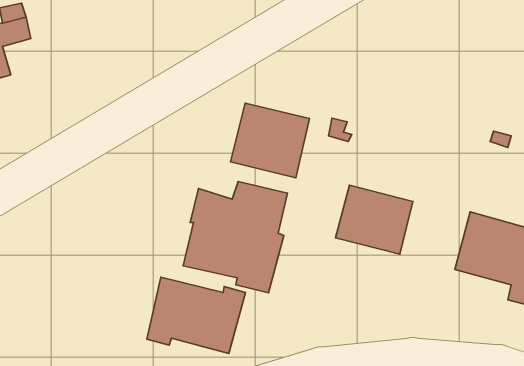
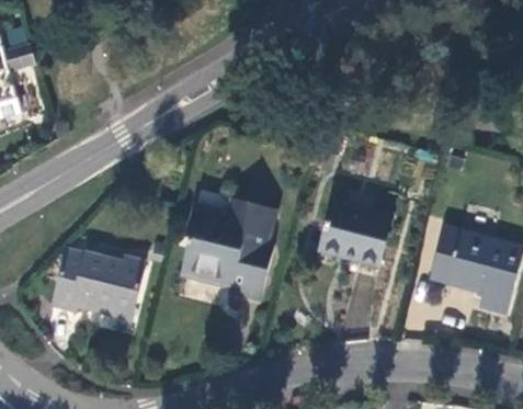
building: [230,103,309,178] -> none
building: [147,277,245,353] -> [49,248,141,319]

